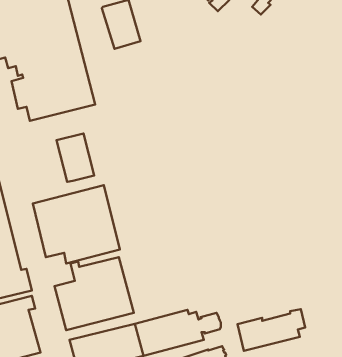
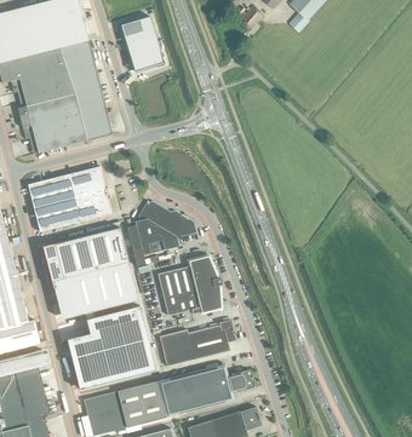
building: none -> [27,174,80,232]
building: none -> [125,201,194,266]
building: none -> [156,259,219,316]
building: [238,309,305,351] -> [159,320,235,367]

